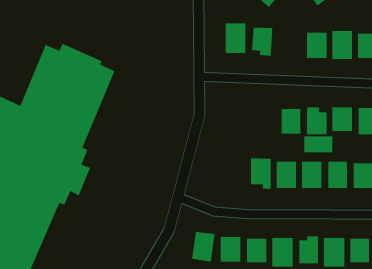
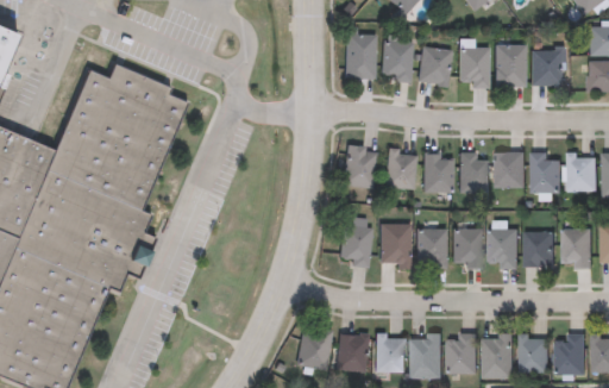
building: none -> [417,48,450,86]
building: none -> [340,145,377,189]
building: none -> [383,150,415,189]
building: [303,135,333,153] -> none
building: none -> [339,220,370,268]

